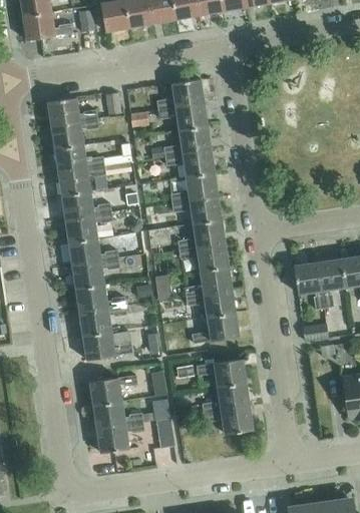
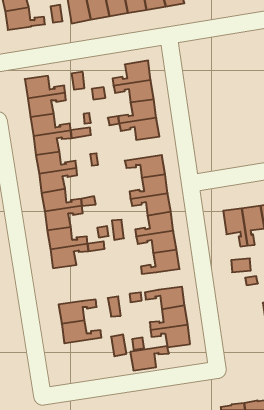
building: [170,172,218,202] -> none
building: [82,332,132,360] -> none
building: [96,422,144,452] -> [130,346,169,370]

